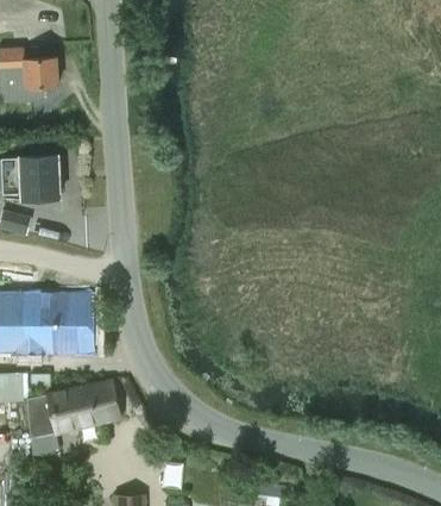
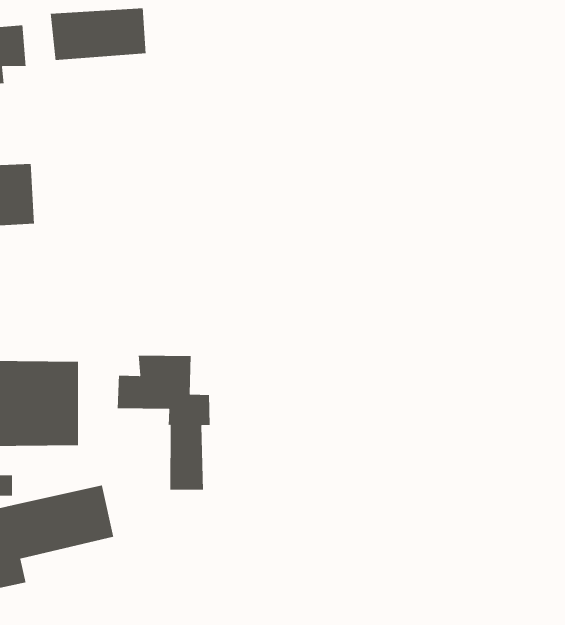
building: none -> [50,8,146,61]
building: none -> [117,355,211,490]

